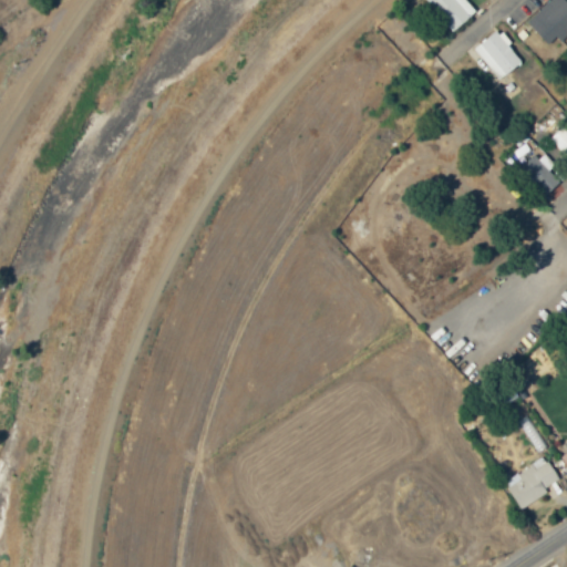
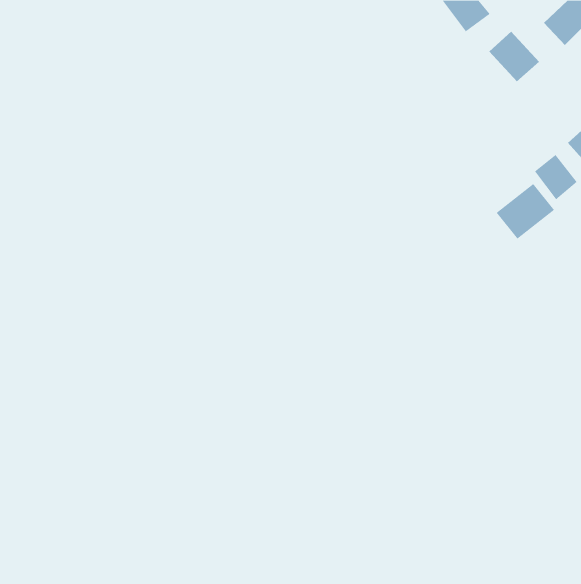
building: none -> [496,183,555,240]
building: [502,462,558,509] -> none

